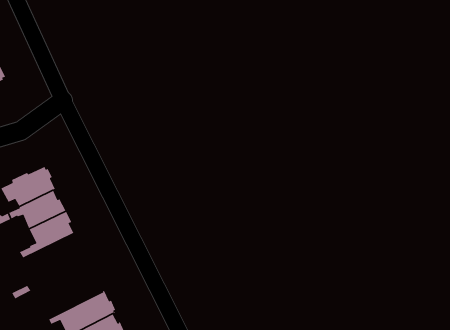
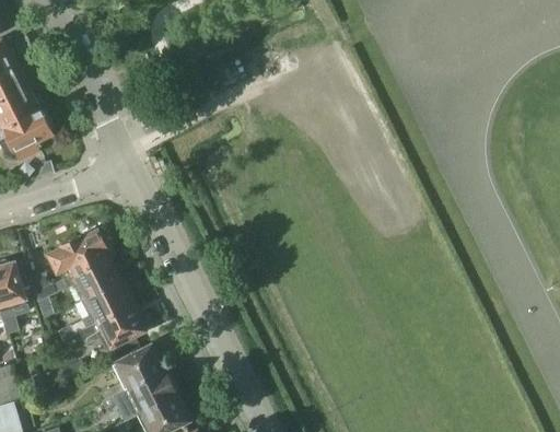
building: none -> [74,304,147,349]
building: none -> [98,345,164,400]

